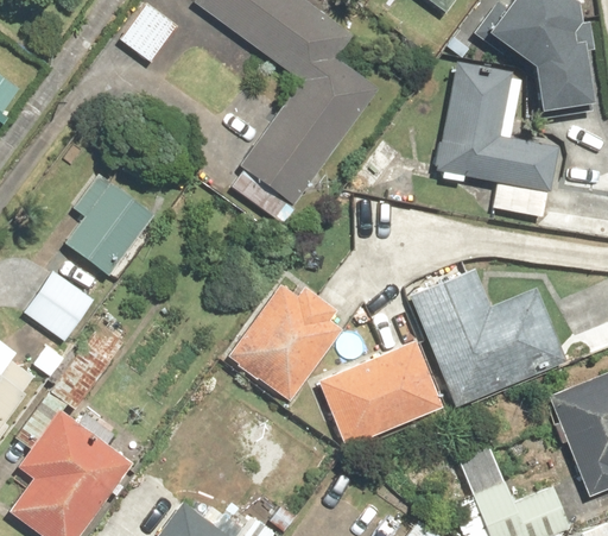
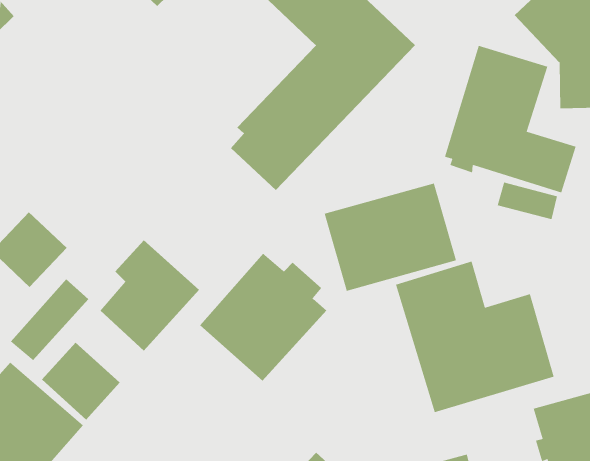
building: [64,172,156,277] -> [99,239,200,352]
building: [315,335,444,447] -> [324,183,457,291]
building: none -> [41,342,120,420]

